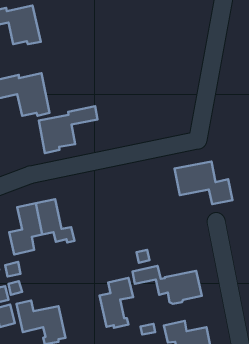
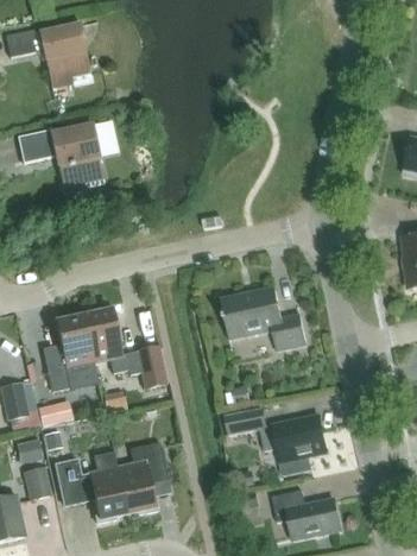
building: [39,106,97,153] -> none
building: [174,161,232,204] -> [221,286,307,349]
building: none -> [135,345,166,388]
building: [99,278,133,328] -> [116,441,166,514]

